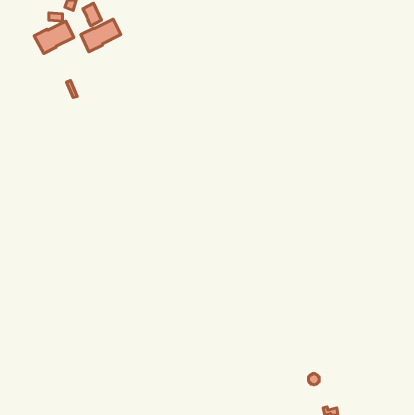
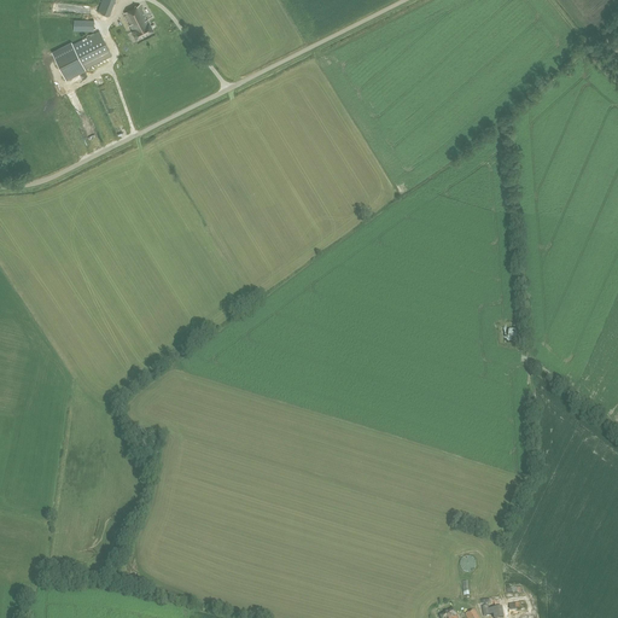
building: [81,19,121,52] -> none

